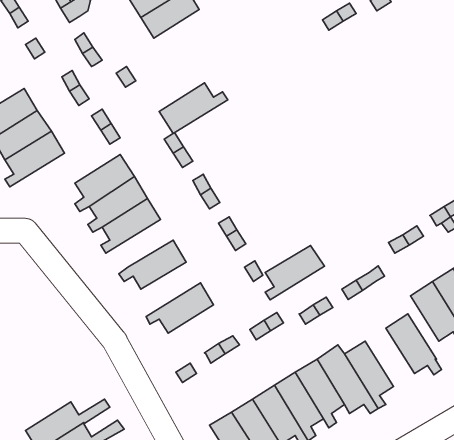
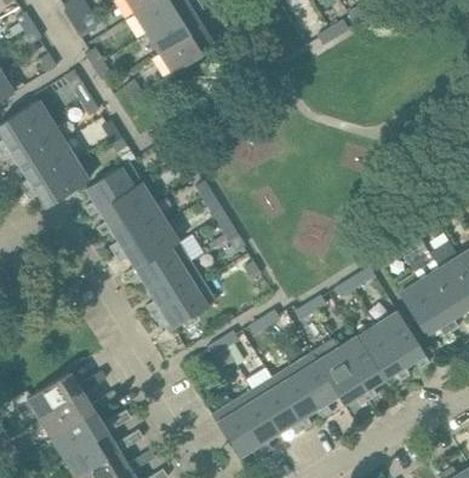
building: [159,83,228,133] -> [160,27,224,74]
building: none -> [25,161,88,208]
building: none -> [115,223,178,267]
building: [265,245,325,300] -> [148,263,204,313]
building: none -> [358,324,410,380]
building: none -> [27,370,107,420]

